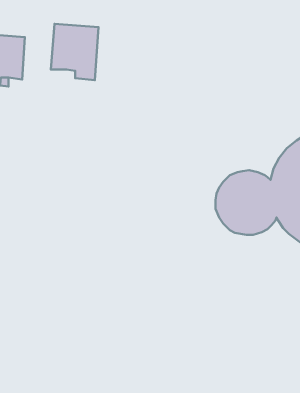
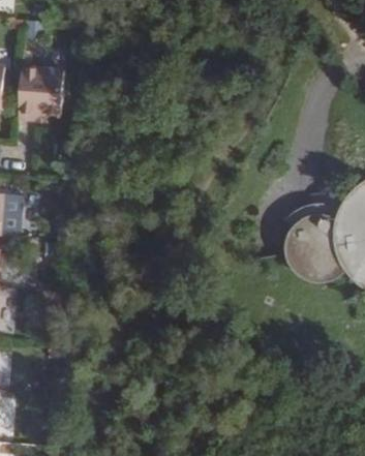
building: [51,24,98,80] -> none

